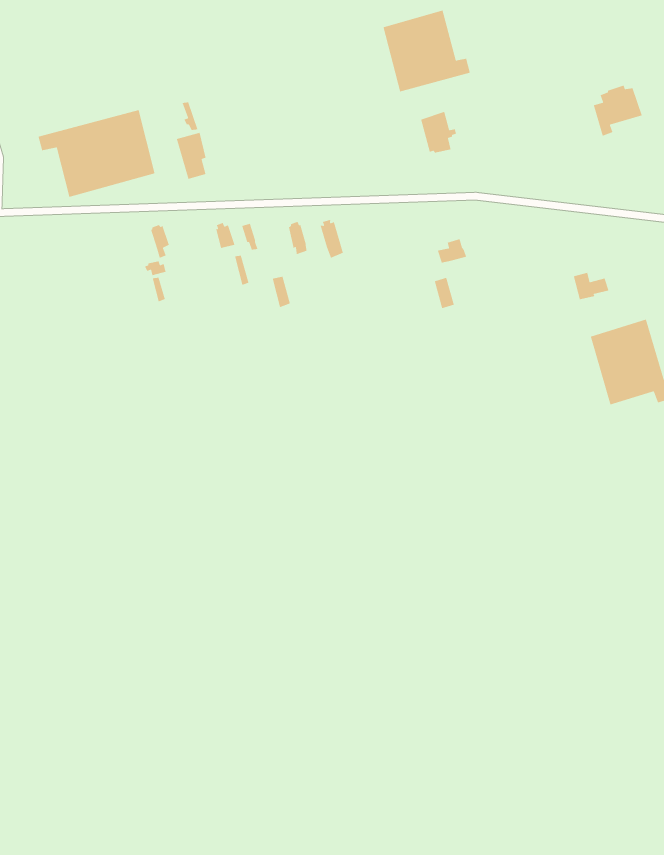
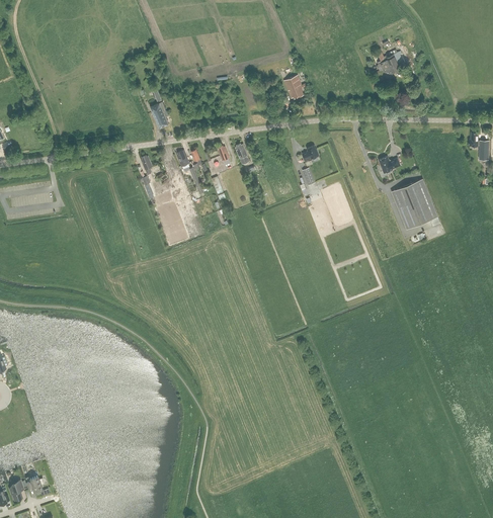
building: [382,9,471,93] -> none
building: [38,109,156,198] -> none

